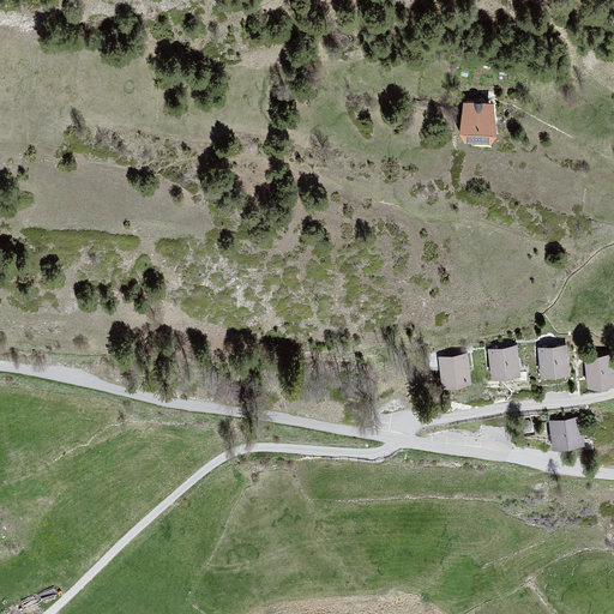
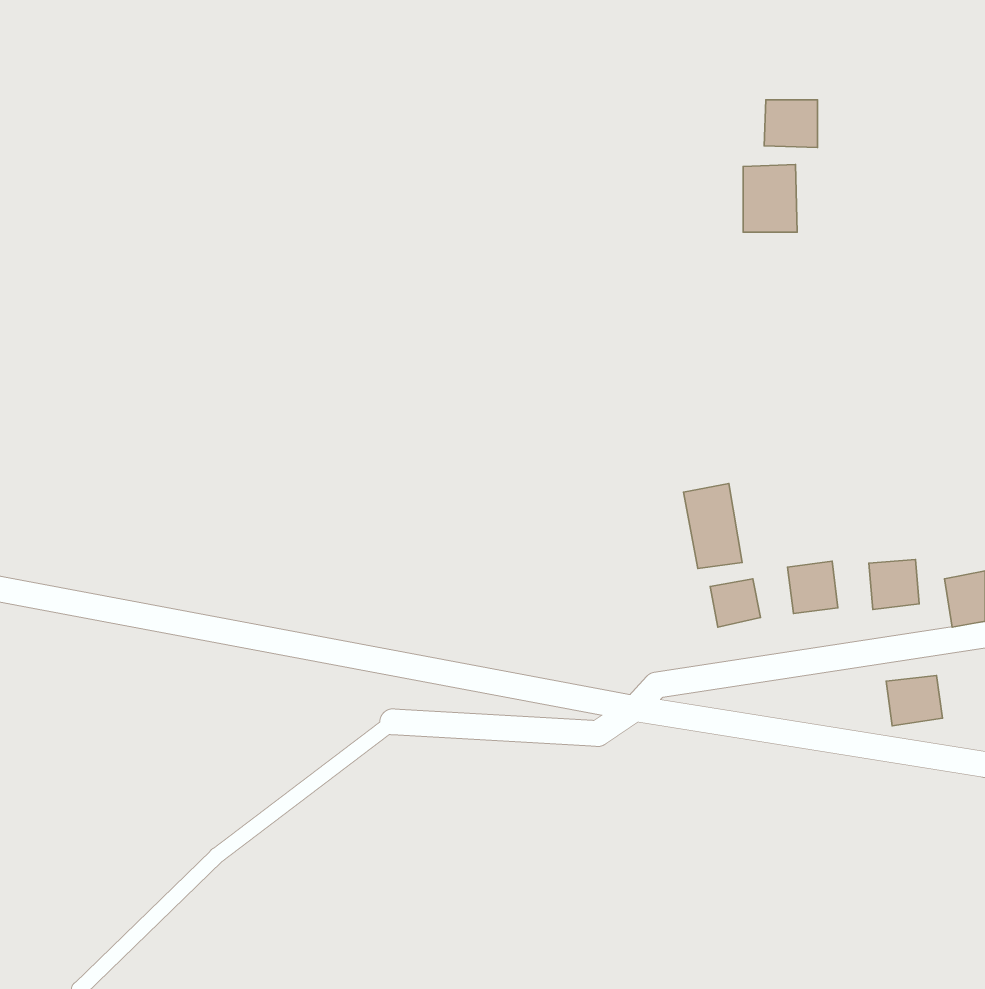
building: none -> [764,100,817,147]
building: none -> [683,484,742,569]

